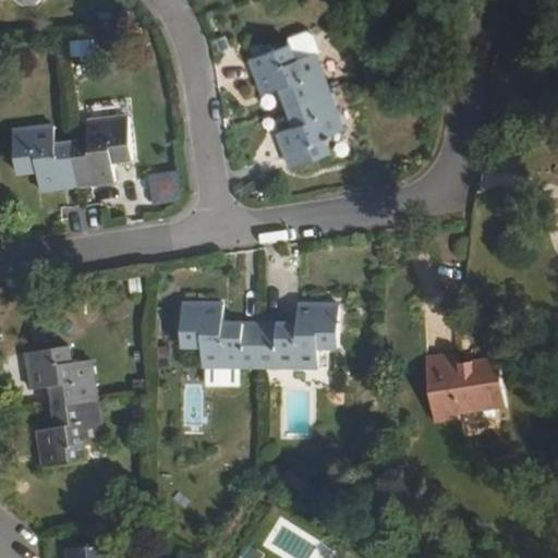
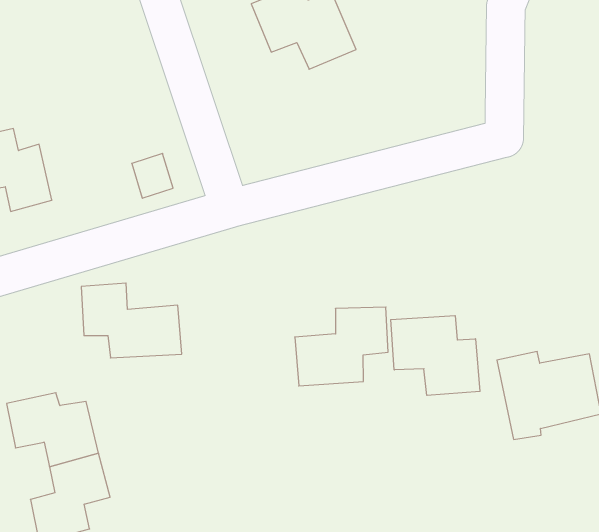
building: [280,94,347,163] -> none
building: [68,119,131,190] -> none
building: [180,300,259,364] -> [81,283,182,358]
building: none -> [391,316,480,395]

